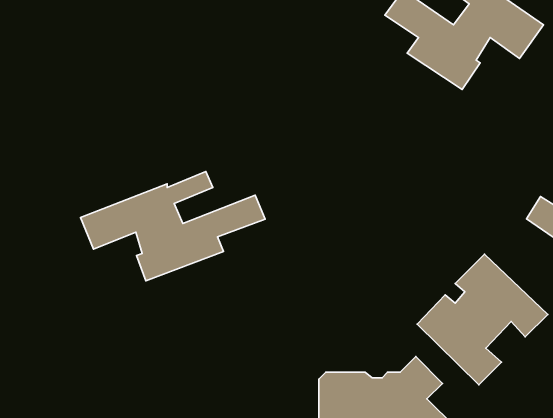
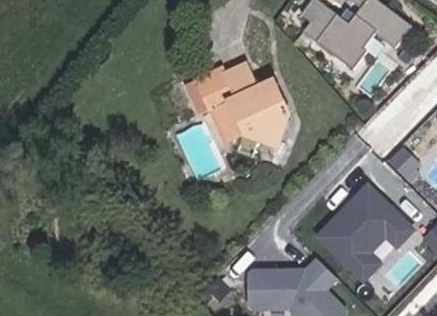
building: none -> [189,60,297,145]
building: [81,172,265,281] -> none

